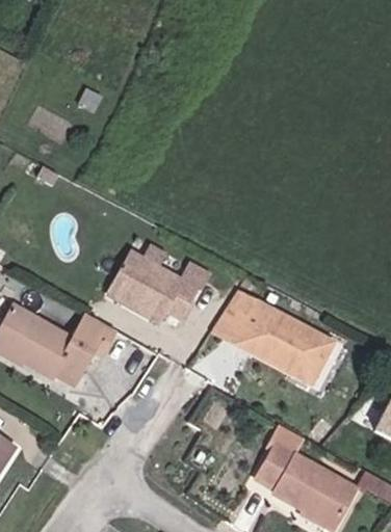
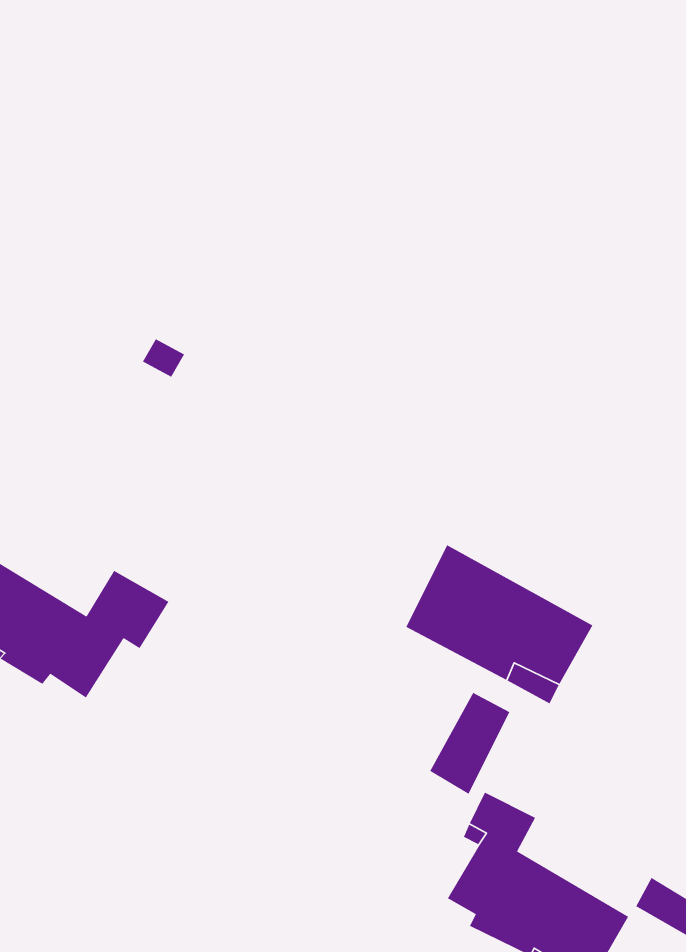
building: [106,250,199,321] -> none
building: [215,288,258,342] -> [429,692,510,795]

